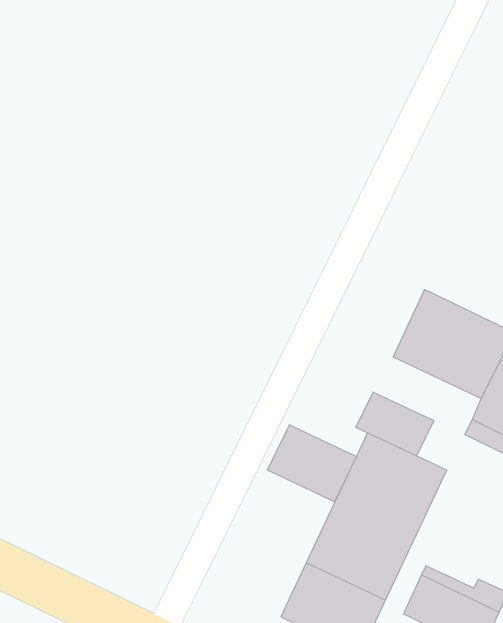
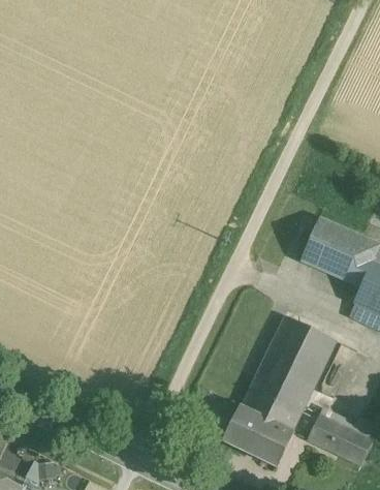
building: [356,392,434,456] -> none
building: [267,425,357,502] -> none

